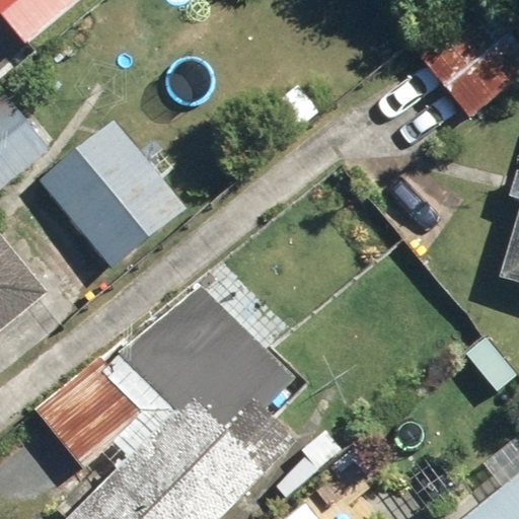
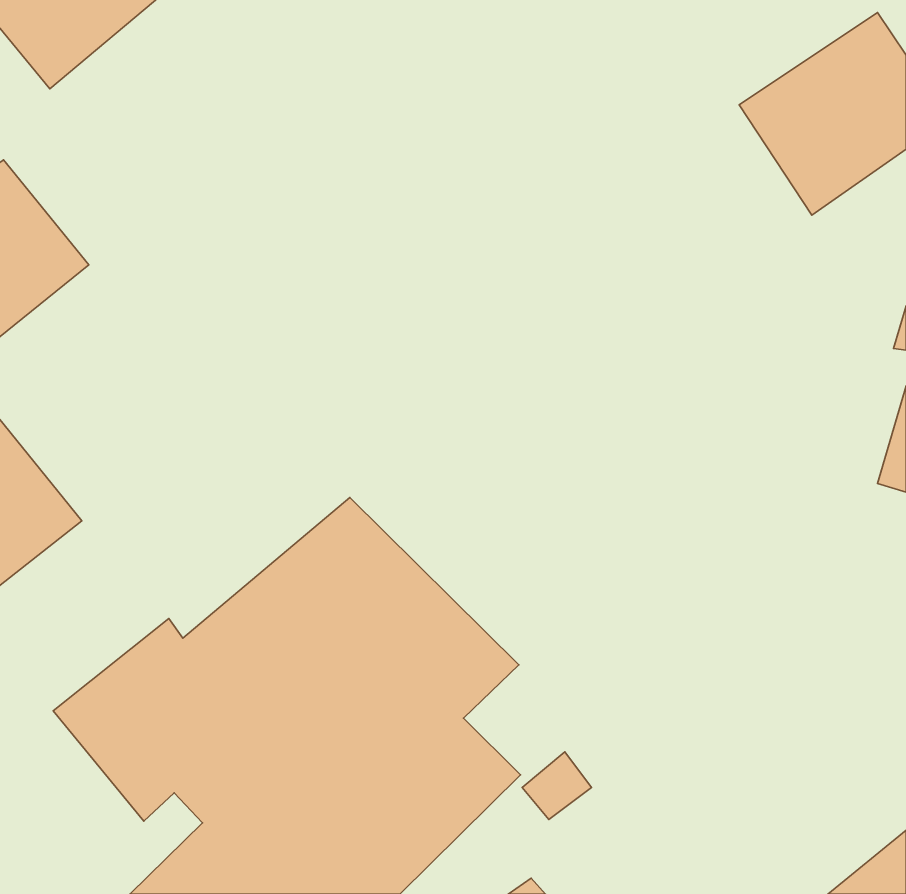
building: [38,117,191,273] -> none

